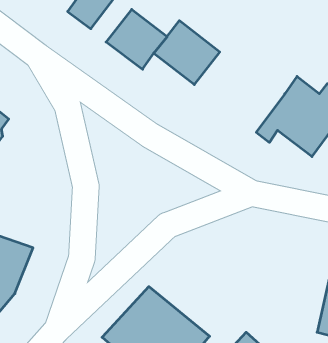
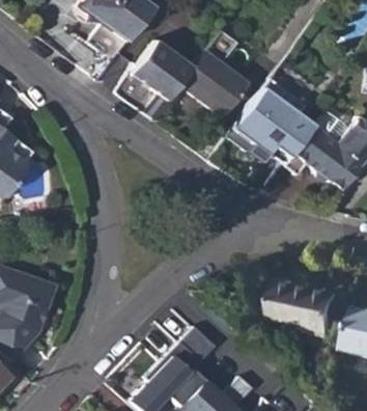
building: none -> [227,79,314,166]
building: none -> [276,282,347,339]

